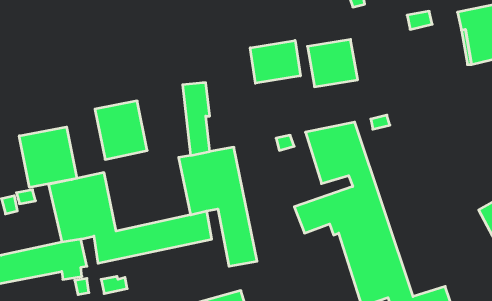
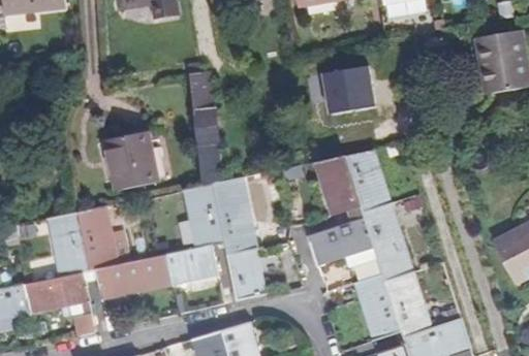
building: [250,40,300,83] -> none
building: none -> [188,71,213,114]
building: [19,127,77,187] -> none

